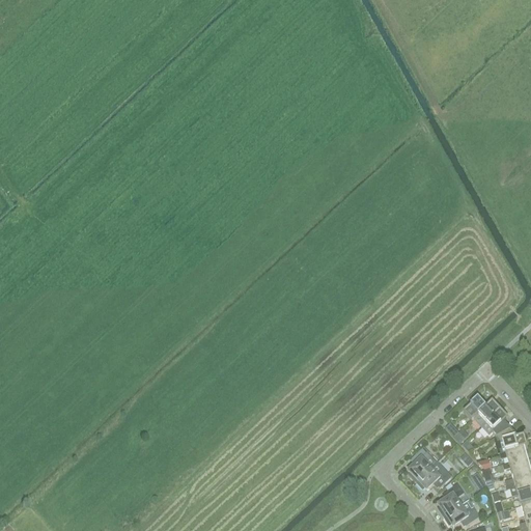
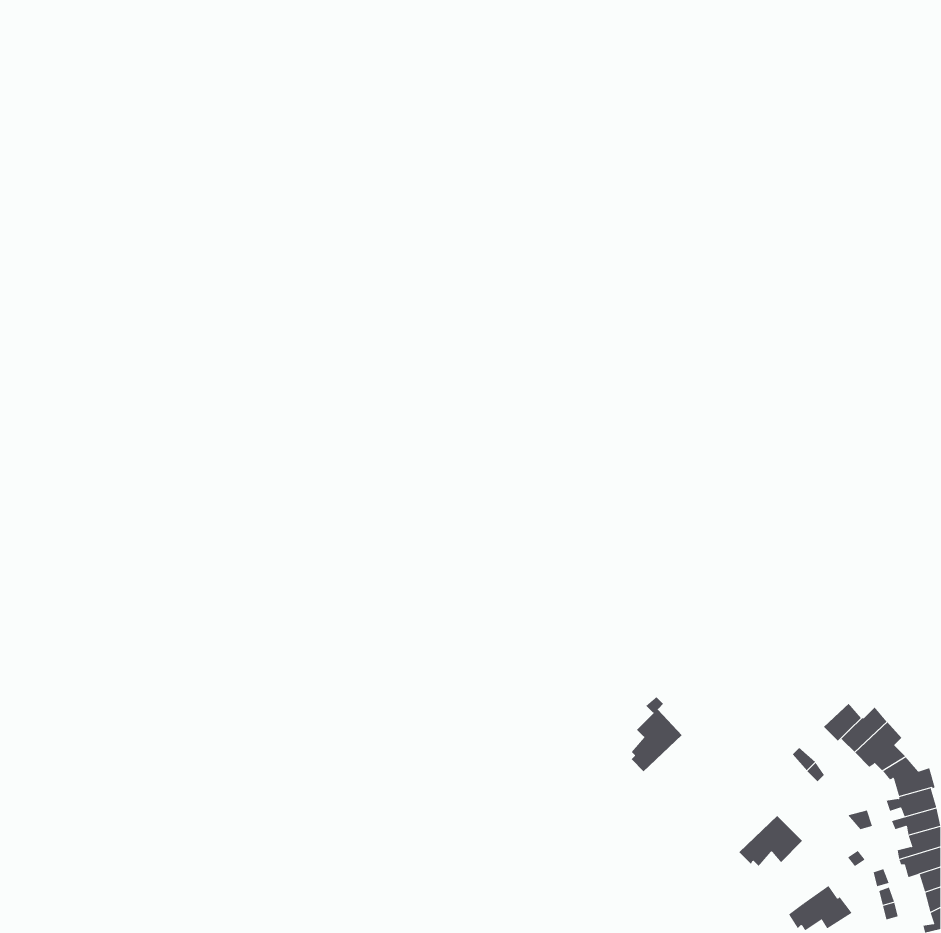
building: [409,438,438,480] -> [631,697,682,772]
building: [438,481,467,515] -> none

